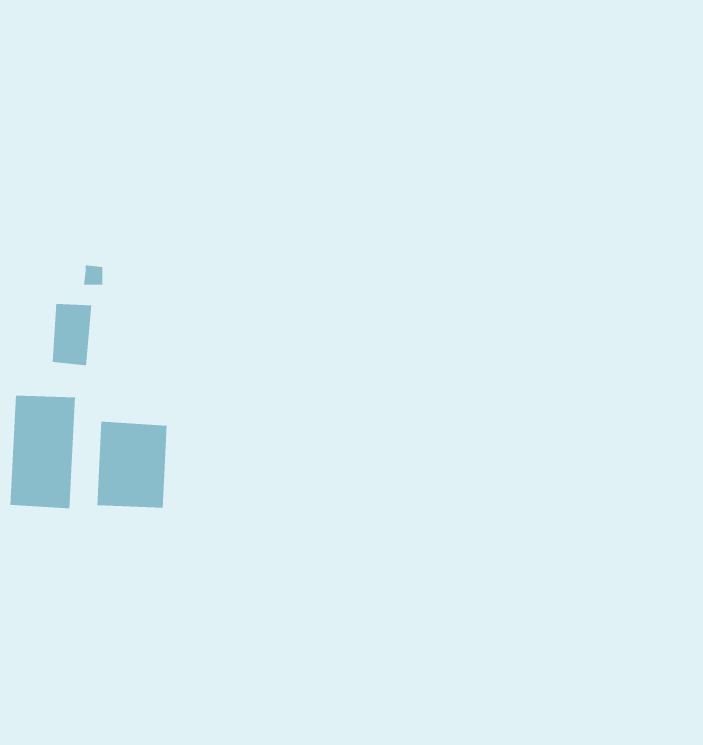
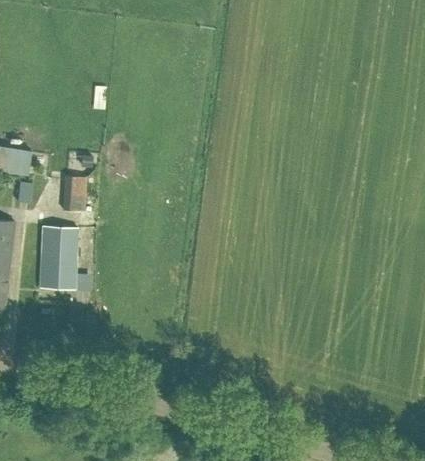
building: [97,421,167,509] -> none

